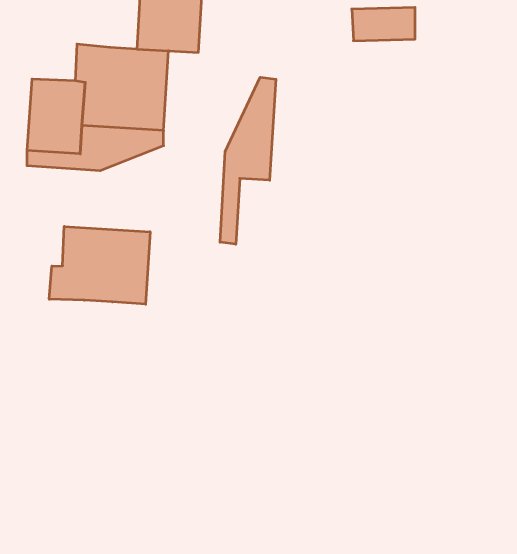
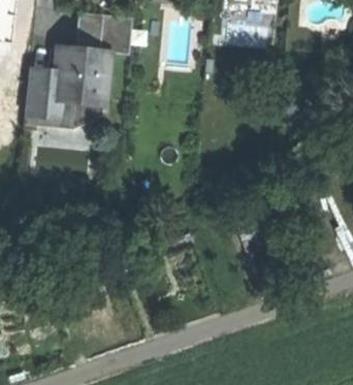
building: [220,77,276,244] -> none
building: [49,226,150,304] -> none

